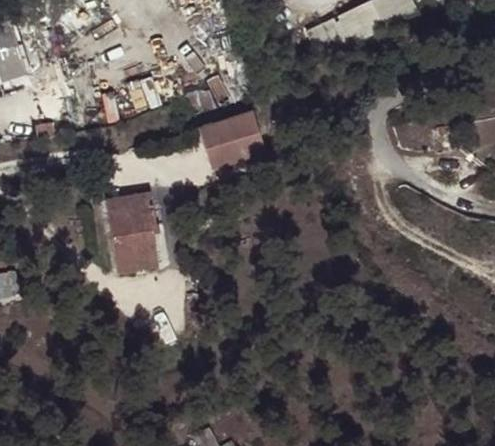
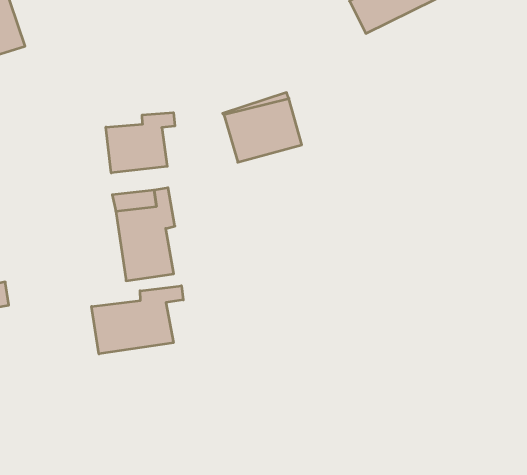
building: none -> [106,113,175,173]
building: none -> [92,286,183,354]

